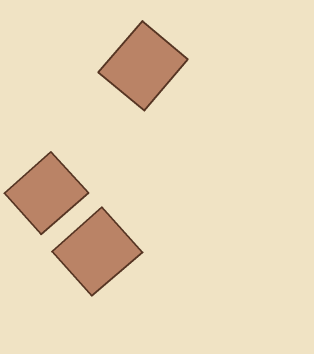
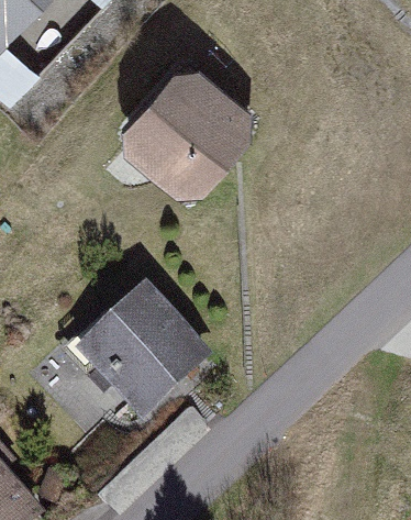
building: [4,152,88,234] -> none

